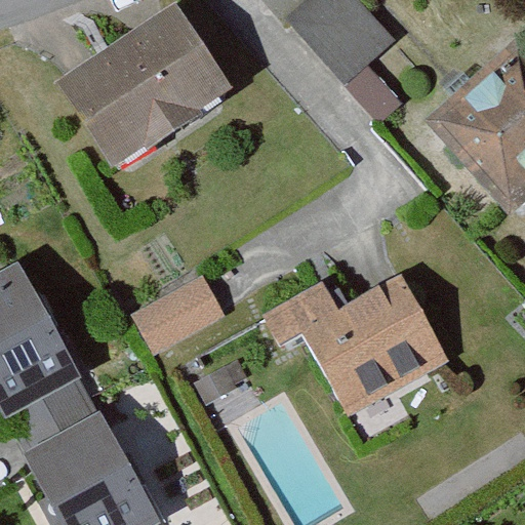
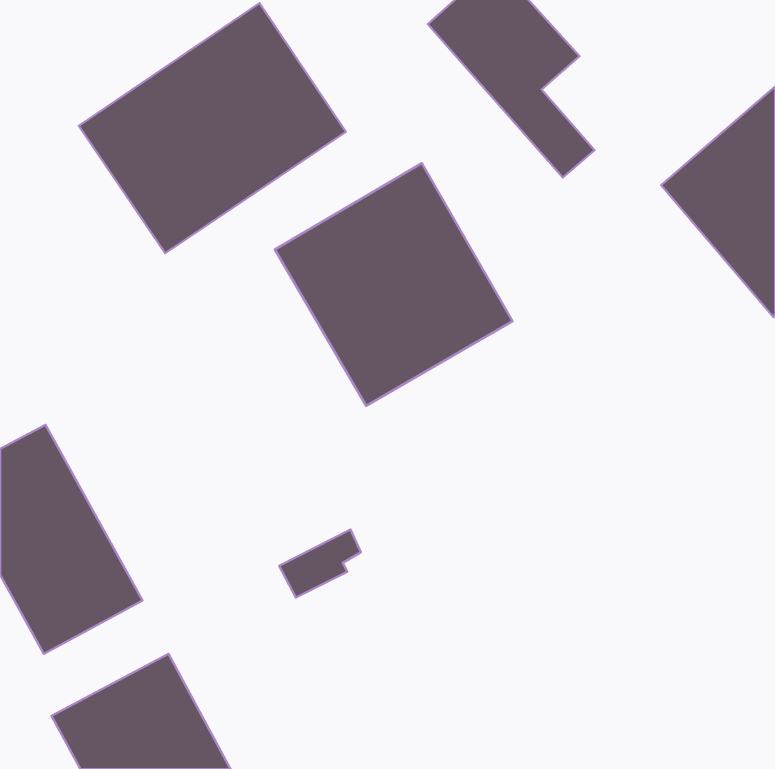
building: none -> [275,163,512,406]
building: [132,276,223,350] -> none
building: [269,279,448,415] -> none

